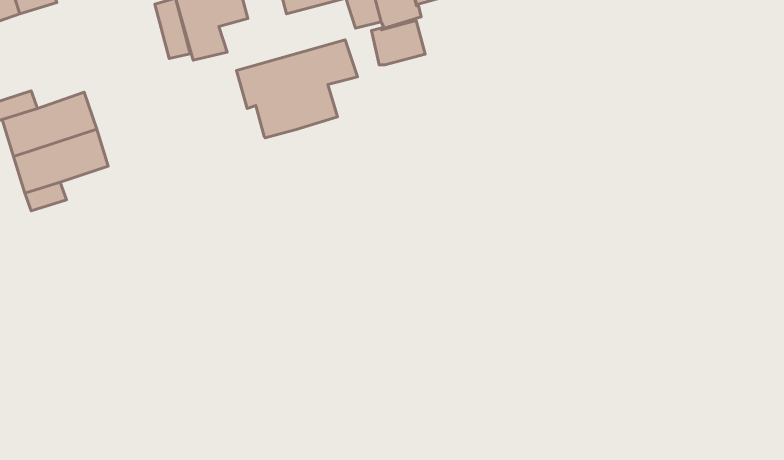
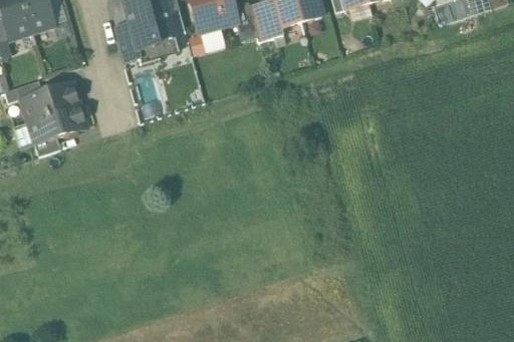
building: [372,21,425,65] -> none
building: [236,40,357,138] -> none

